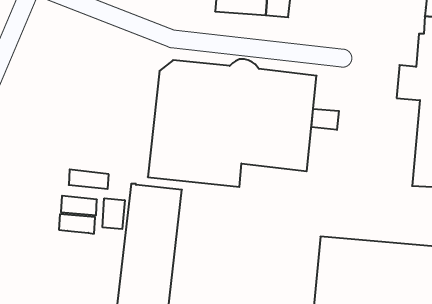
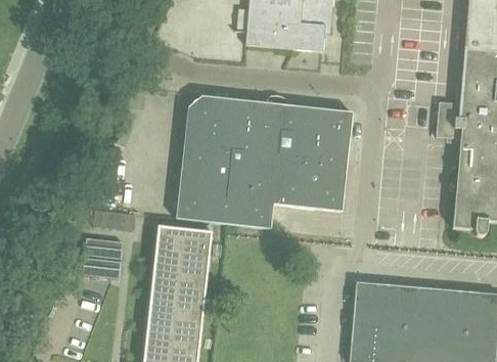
building: [311,109,339,130] -> none
building: [103,198,125,229] -> none

